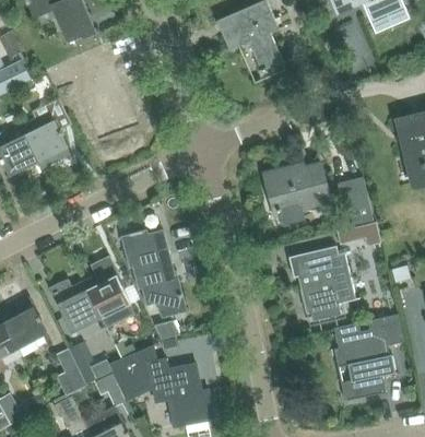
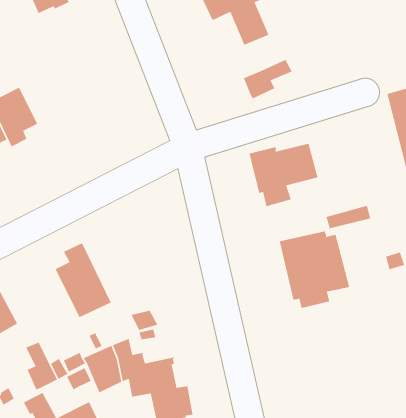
building: none -> [243,59,293,100]
building: [337,177,374,226] -> none
building: [121,229,187,318] -> none
building: [49,279,102,334] -> none
building: [334,314,405,401] -> none

